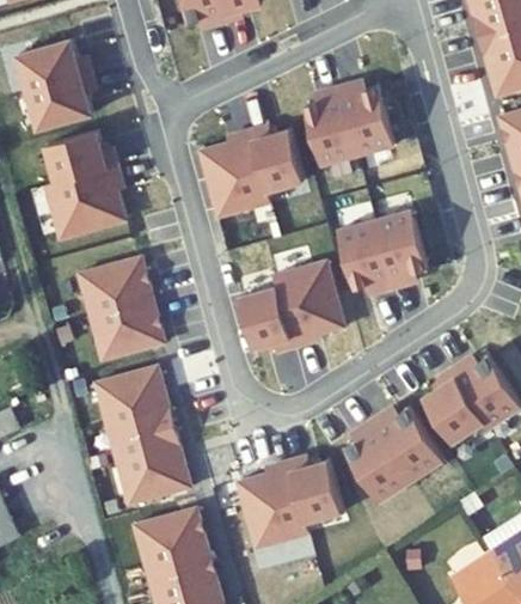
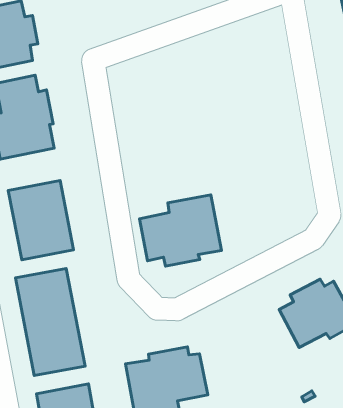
building: [305,81,394,166] -> none
building: [201,124,306,218] -> none
building: [338,212,429,297] -> none
building: [345,405,443,502] -> none

